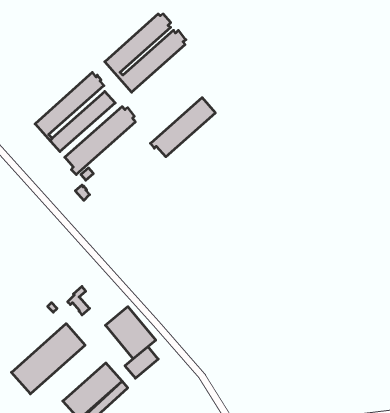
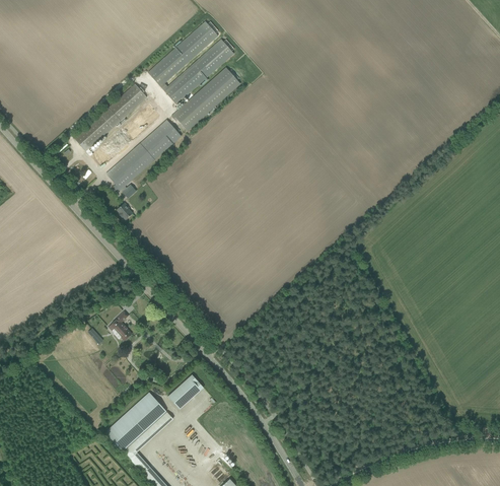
building: [150,98,215,157] -> [170,67,239,130]
building: [105,307,156,359] -> none
building: [11,324,85,394] -> none

